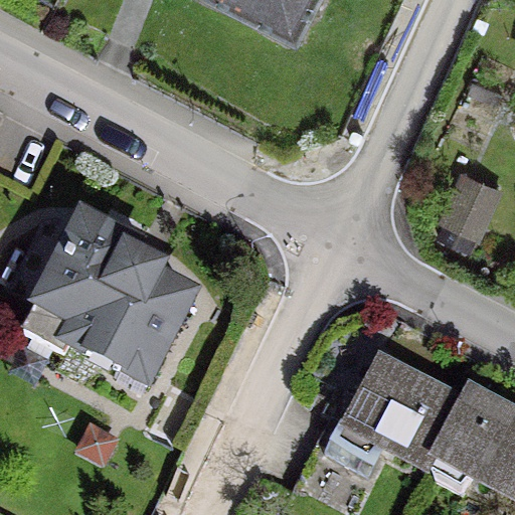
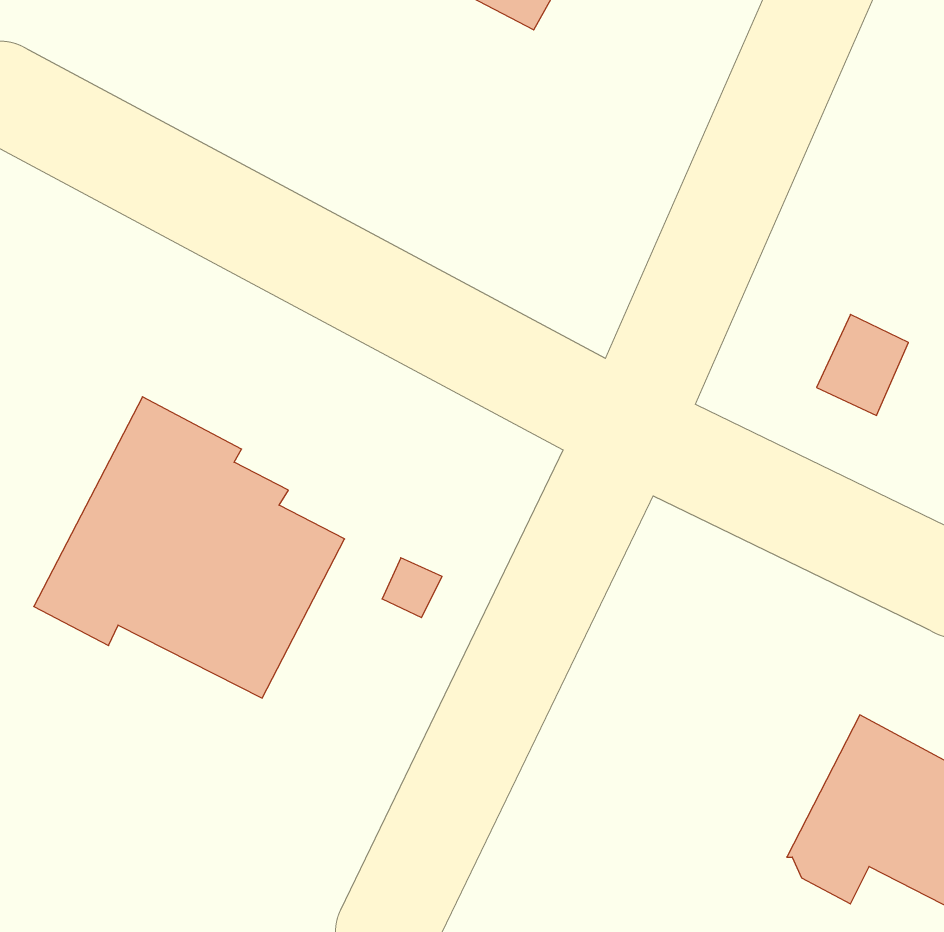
building: [326,355,469,469] -> none

